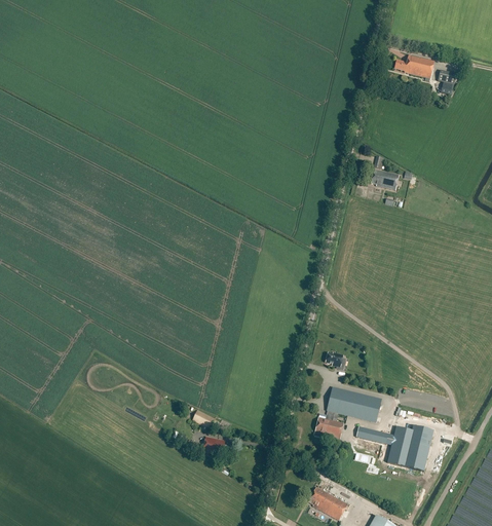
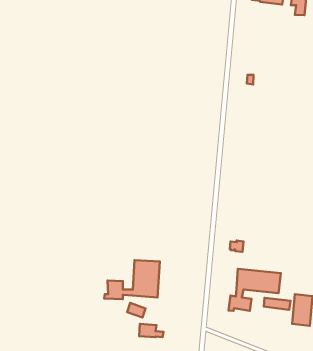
building: [372,168,400,189] -> none
building: none -> [104,260,160,299]

